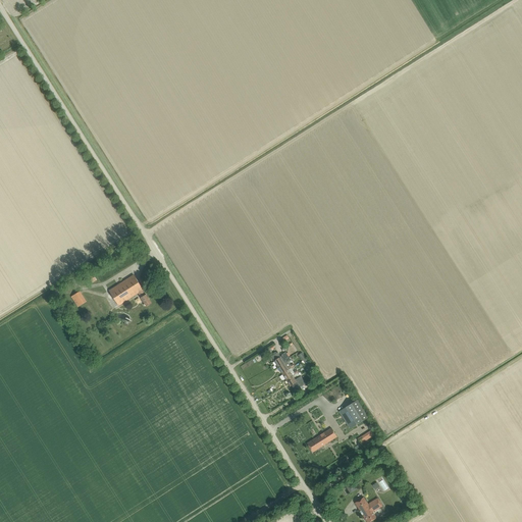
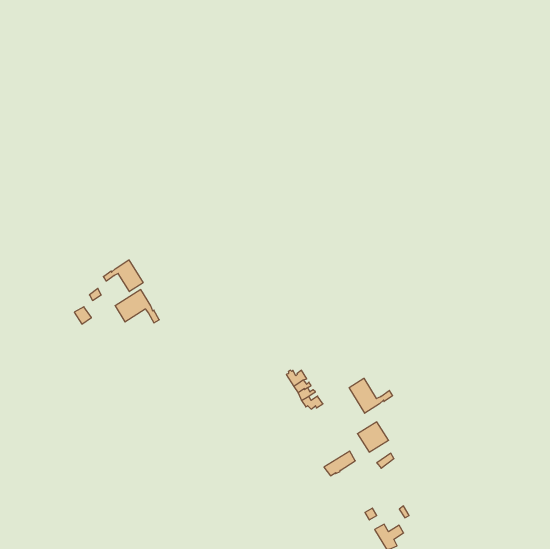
building: none -> [103,260,143,292]
building: none -> [349,378,393,413]

